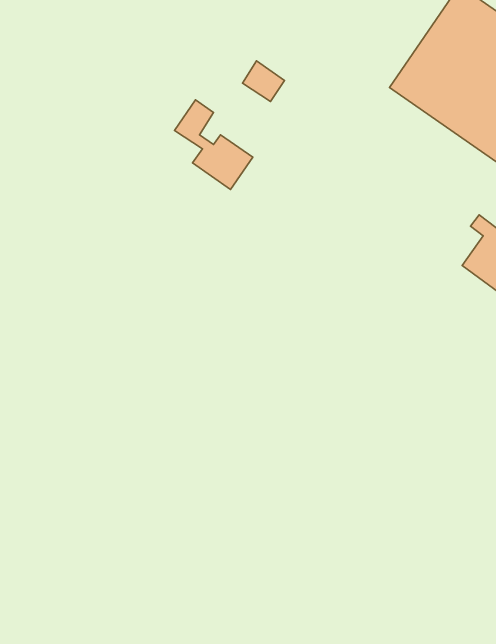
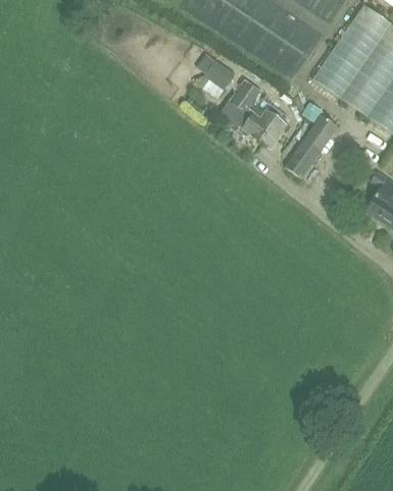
building: [174,100,253,189] -> [231,80,288,146]
building: none -> [283,113,339,179]

